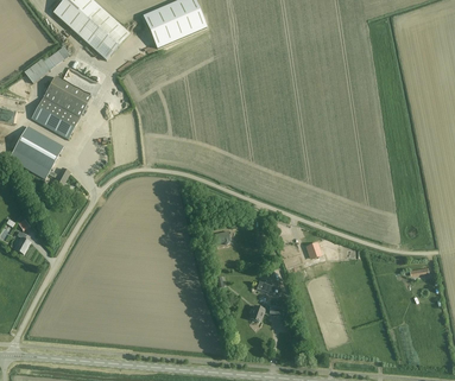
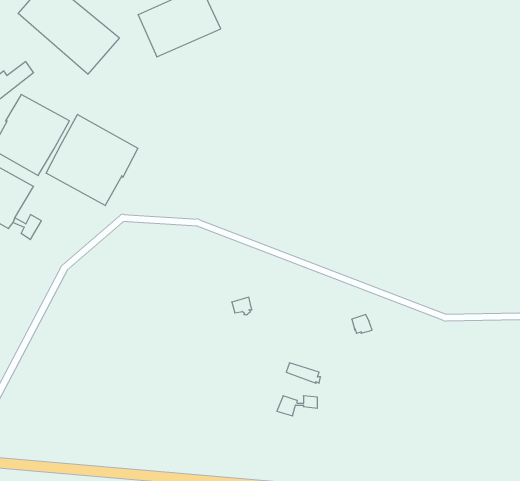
building: none -> [46,114,138,206]

